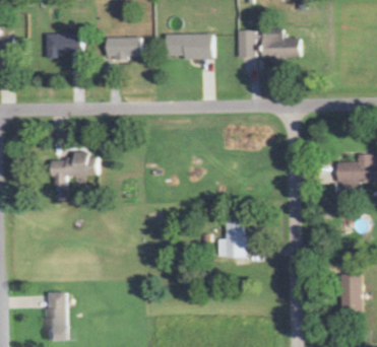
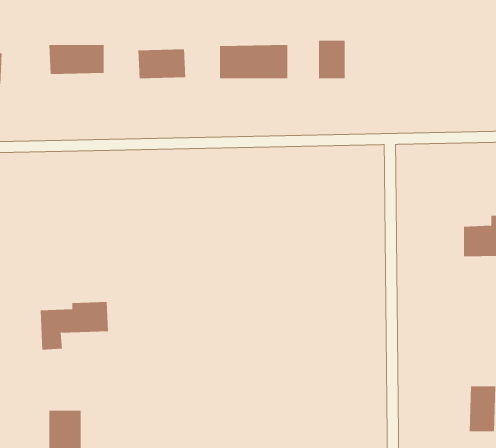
building: [260,29,302,62] -> none
building: [51,153,100,188] -> [40,302,109,350]
building: [217,221,247,258] -> none

